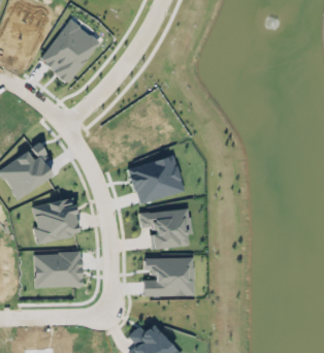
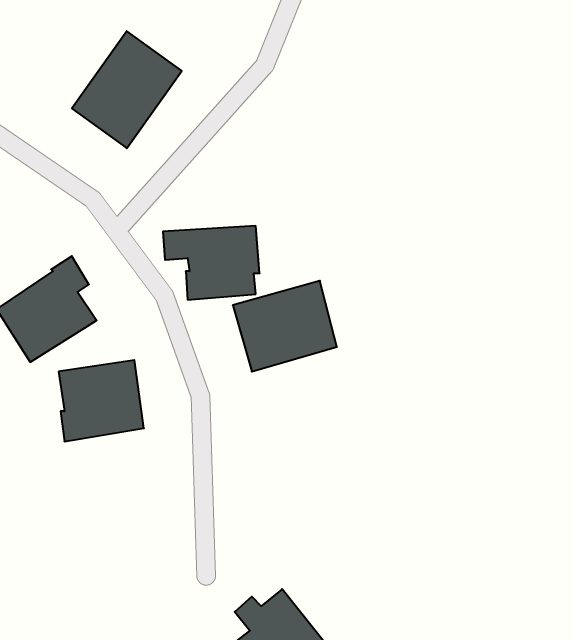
building: [139,208,192,249] -> [163,226,260,300]
building: [34,252,83,287] -> none
building: [143,257,195,296] -> none

